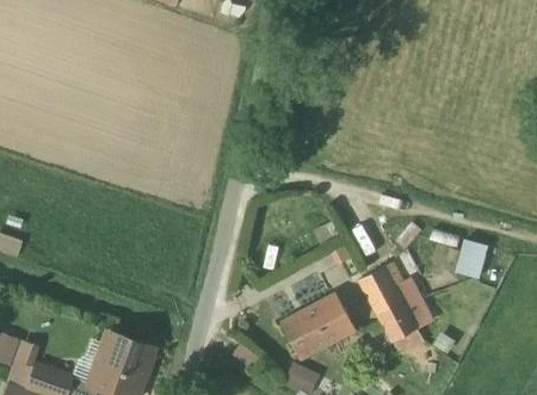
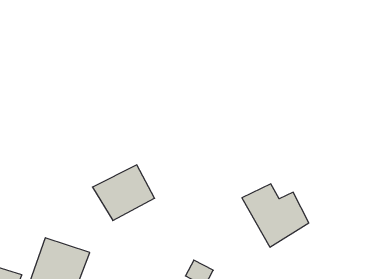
building: [455,237,487,277] -> none
building: [277,291,357,363] -> [92,165,155,221]

